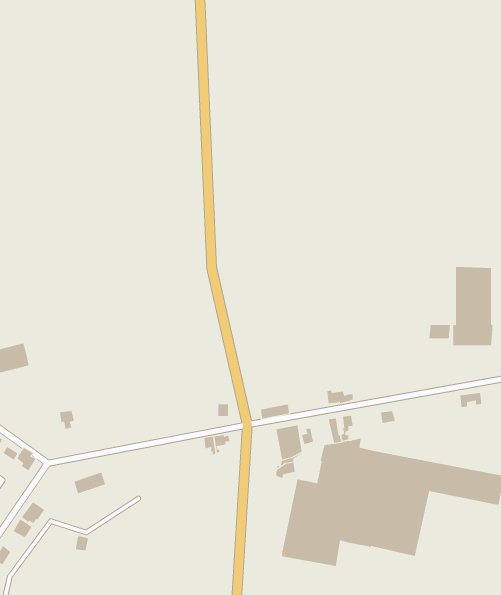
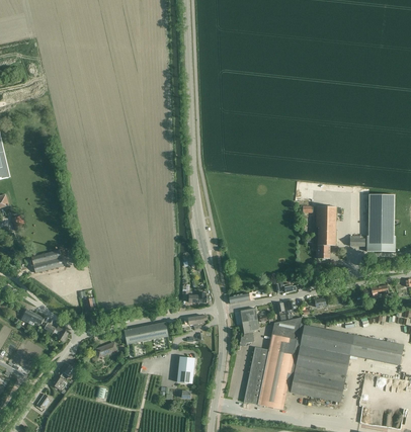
building: none -> [315,206,335,259]
building: none -> [124,322,167,344]
building: none -> [176,356,194,383]

